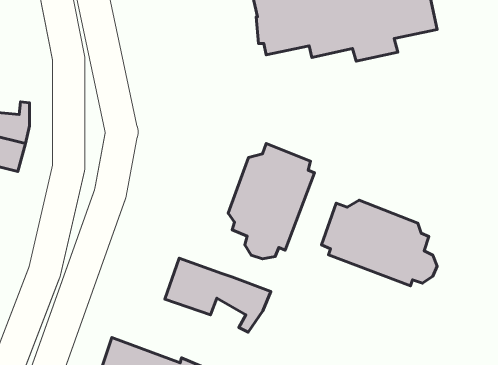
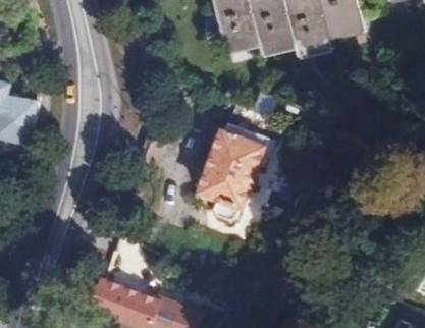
building: [322,200,437,286] -> none
building: [165,258,271,332] -> none

